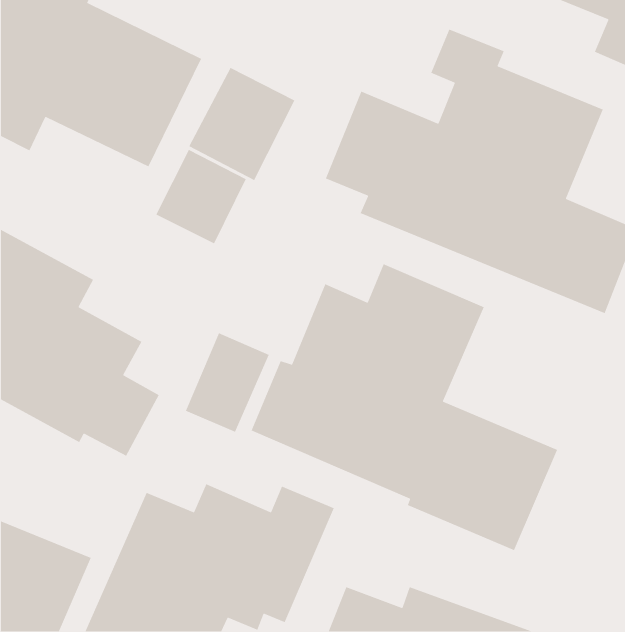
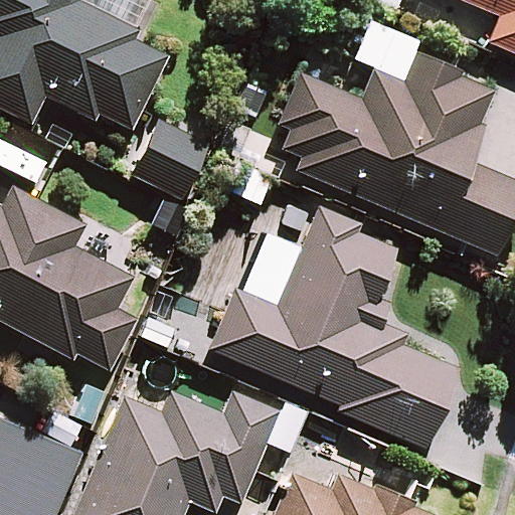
building: [188,67,296,181] -> none
building: [185,332,270,433] -> none

